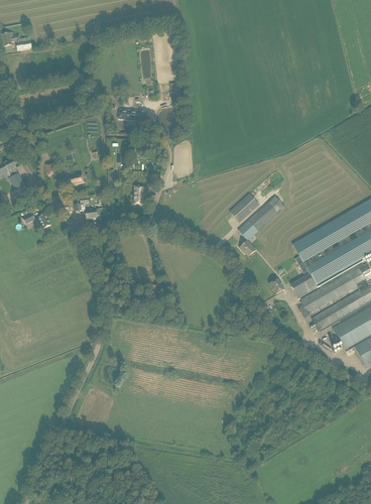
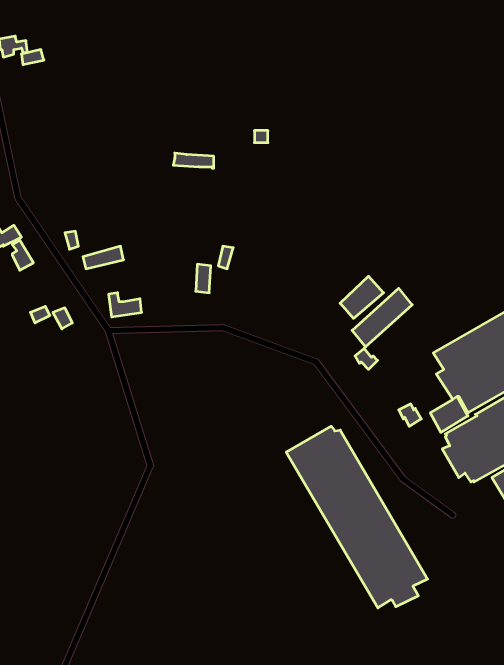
building: none -> [286,426,428,608]

